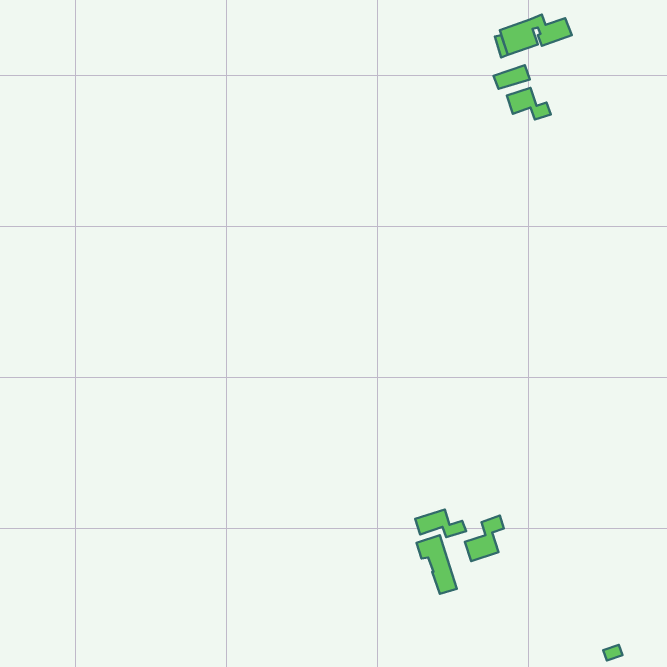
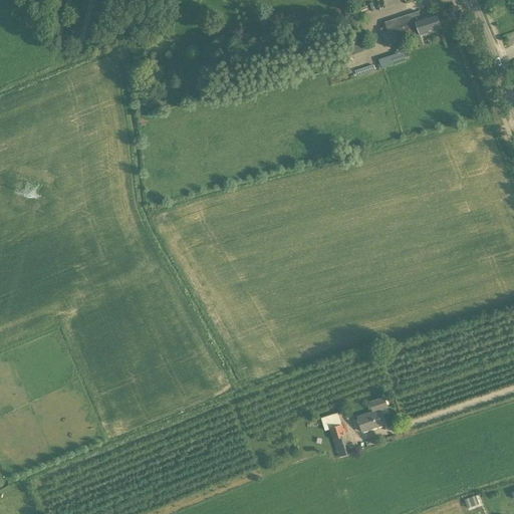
building: [507,88,551,119] -> none
building: [415,509,466,537] -> none

